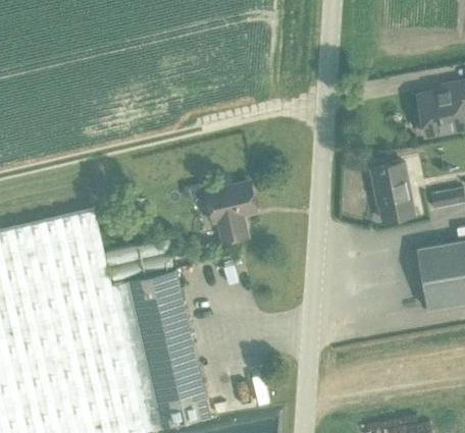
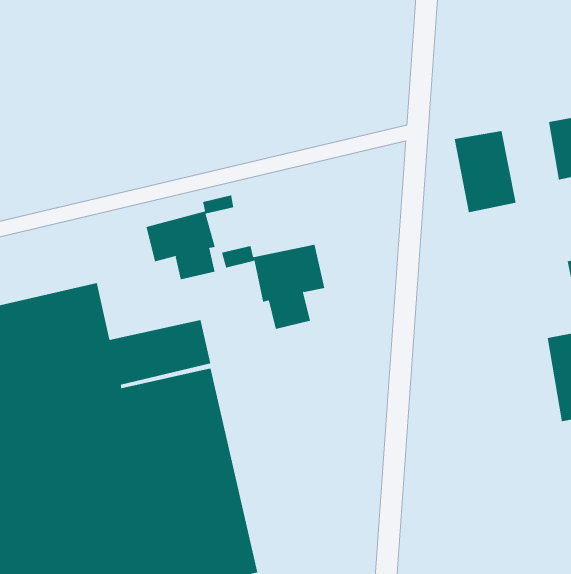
building: none -> [146,195,234,280]
building: [370,163,415,222] -> [454,130,516,213]

